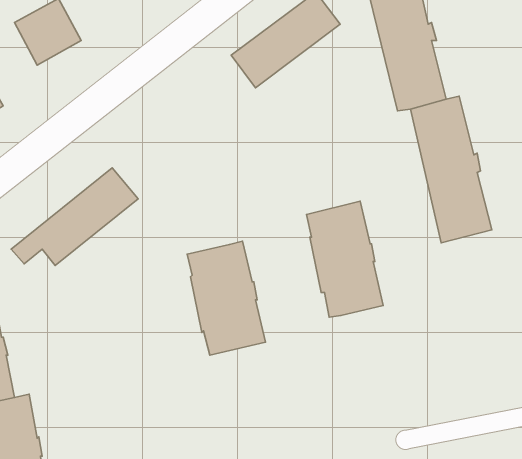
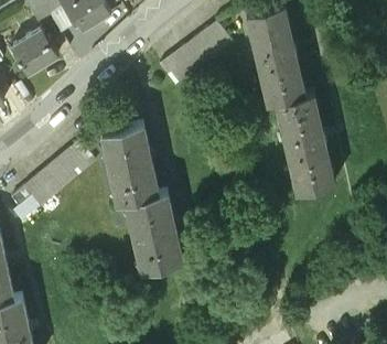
building: [306,201,383,317] -> [106,122,158,201]

